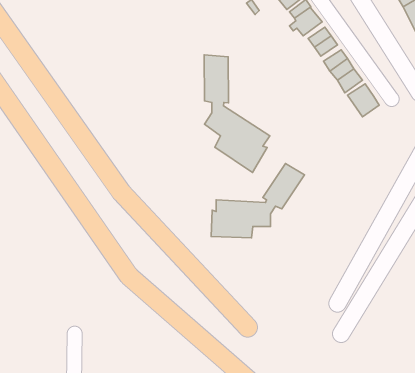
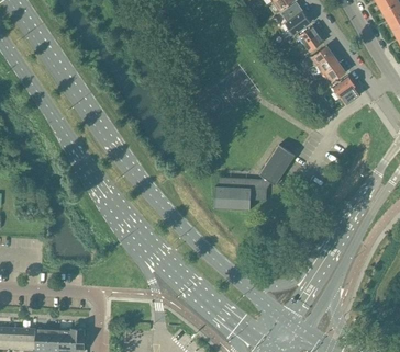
building: [204,55,270,172] -> none

